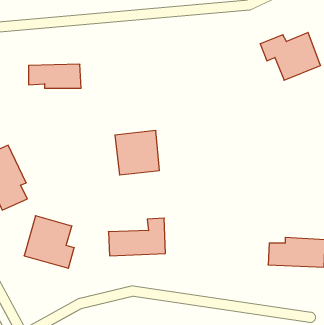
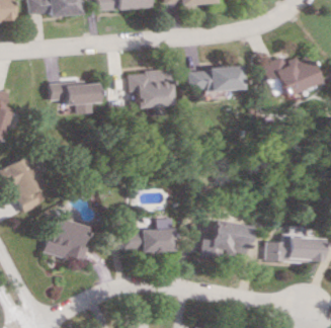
building: none -> [186,68,238,91]
building: [115,131,159,175] -> [130,70,169,109]
building: none -> [200,222,248,258]

